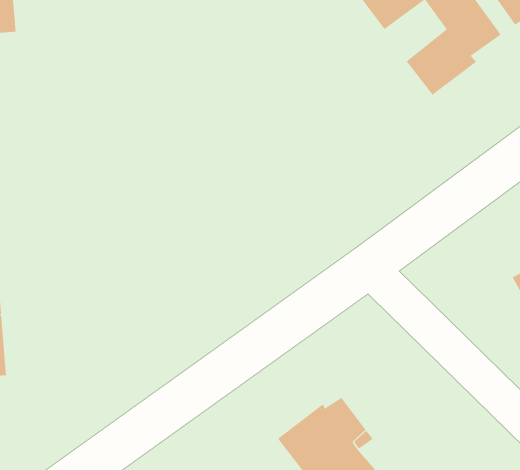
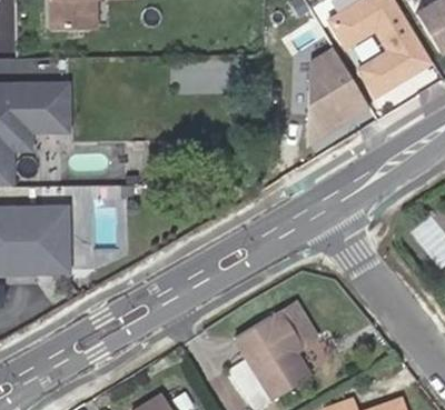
building: none -> [305,57,364,151]

